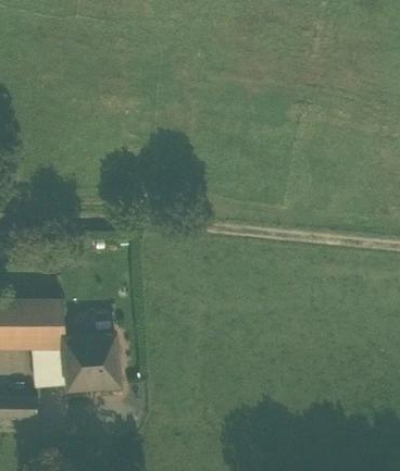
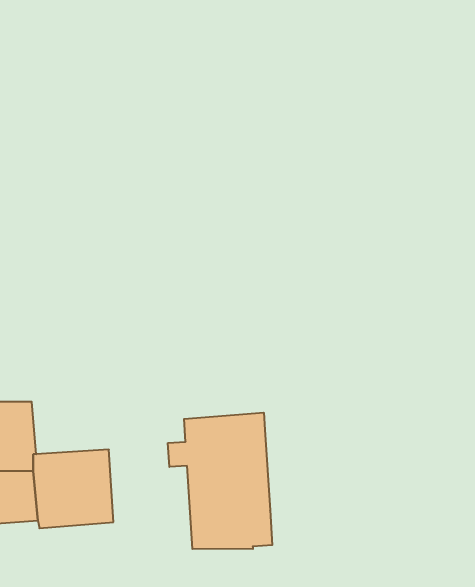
building: none -> [168,413,272,549]

